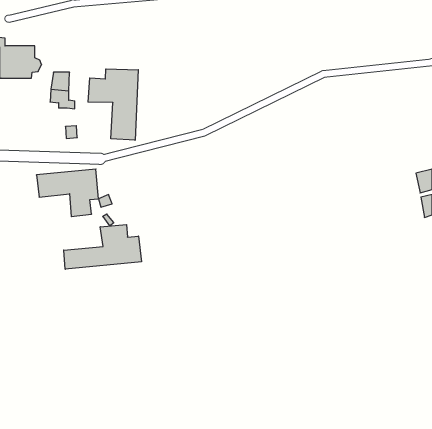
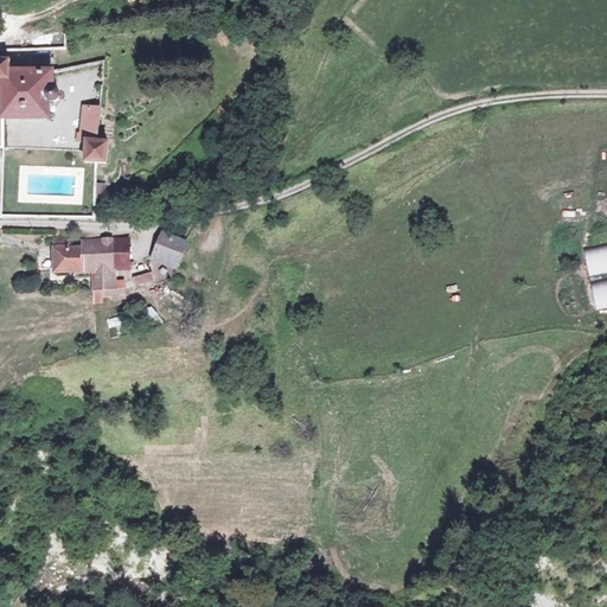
building: [88,69,138,140] -> none
building: none -> [156,236,194,274]
building: [64,225,141,269] -> none

